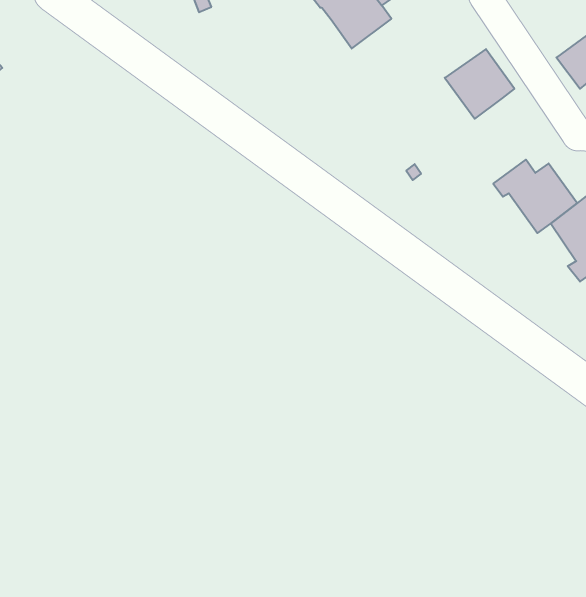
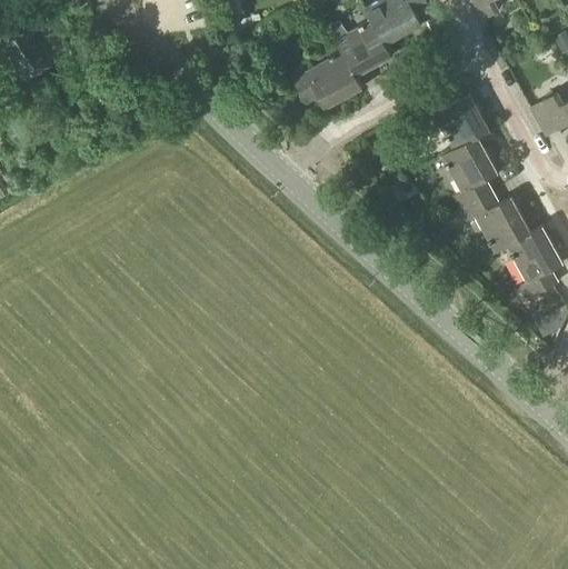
building: none -> [287,52,362,110]
building: none -> [441,137,498,208]

